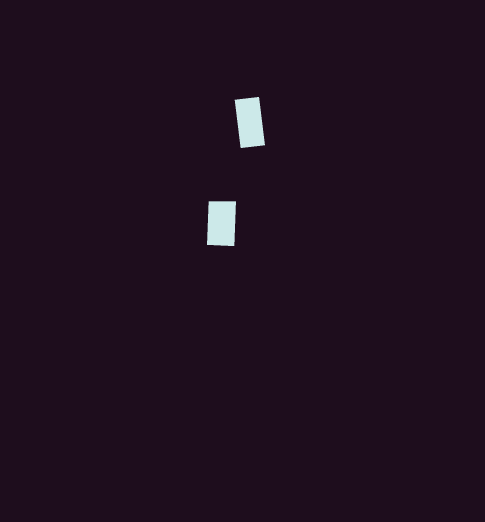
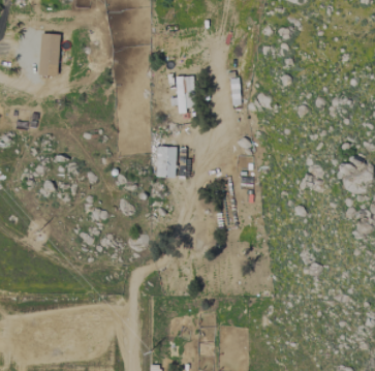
building: none -> [40,33,61,76]

